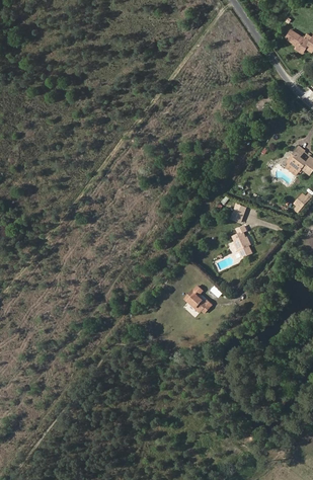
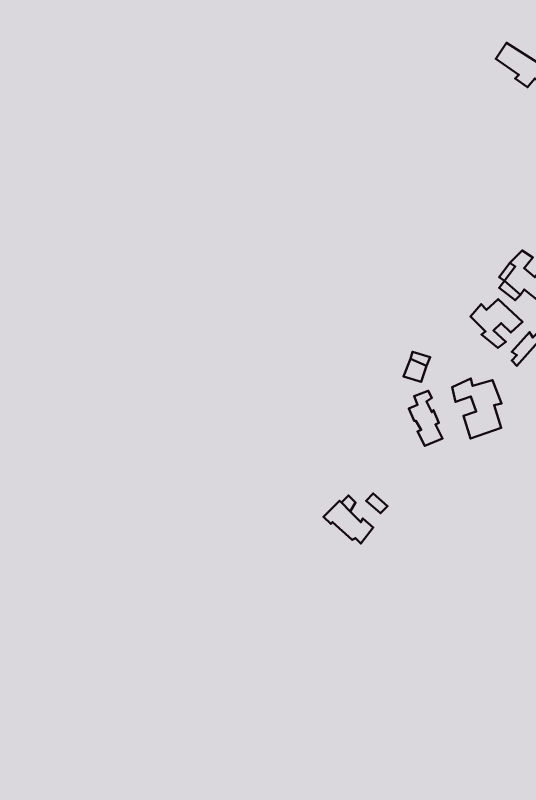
building: none -> [470,299,522,348]
building: none -> [452,379,501,438]

